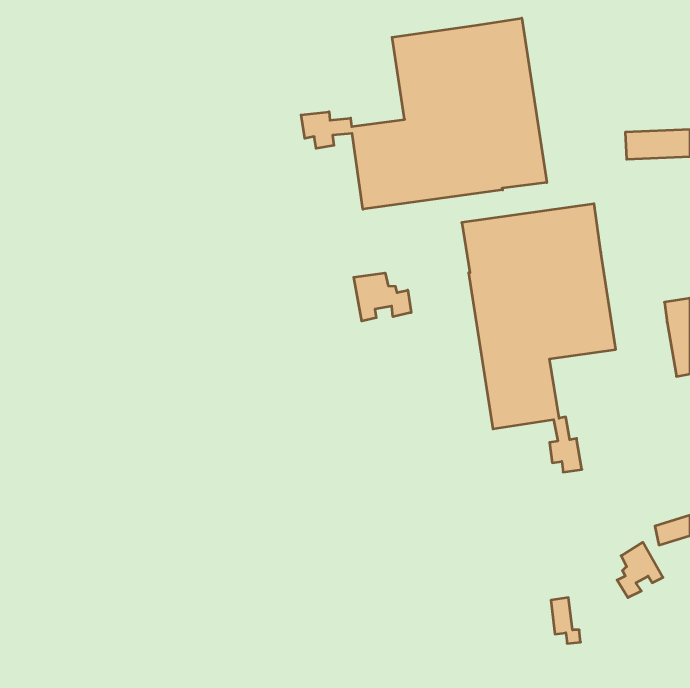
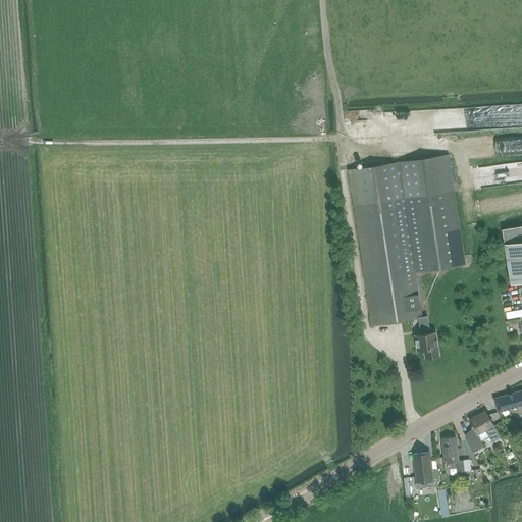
building: [301,18,547,209] -> none
building: [354,273,411,321] -> none
building: none -> [442,437,470,472]

